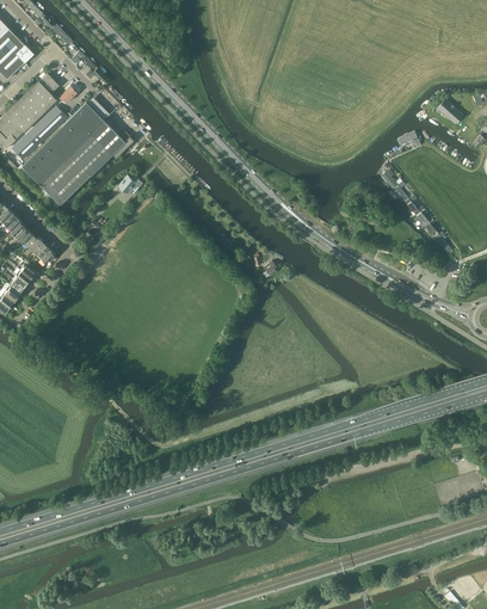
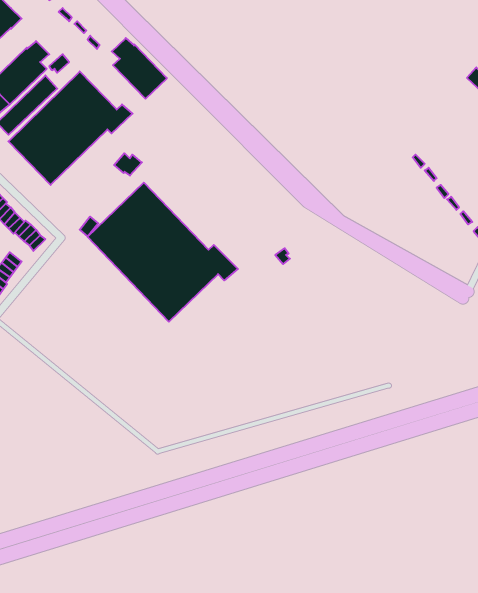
building: none -> [112,38,167,99]
building: none -> [88,183,238,322]

